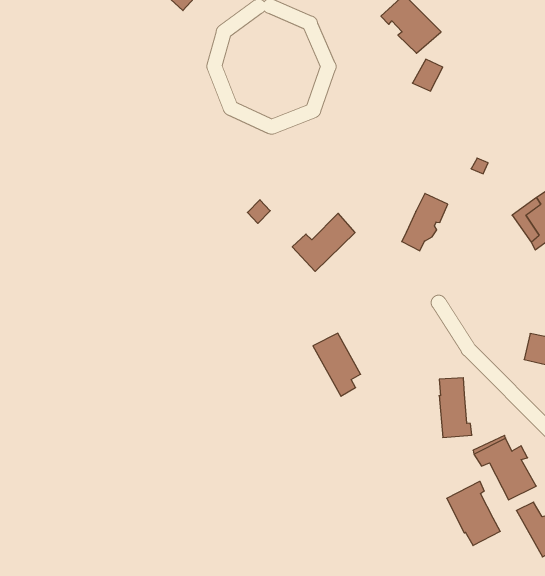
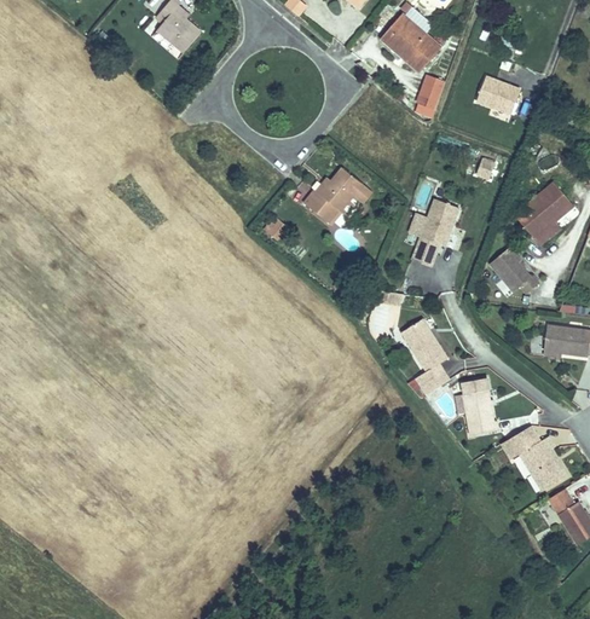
building: none -> [472,79,515,116]
building: [292,213,355,271] -> [297,167,357,225]
building: none -> [496,249,545,294]
building: [313,333,361,396] -> [401,323,450,383]
building: [447,481,500,546] -> none

